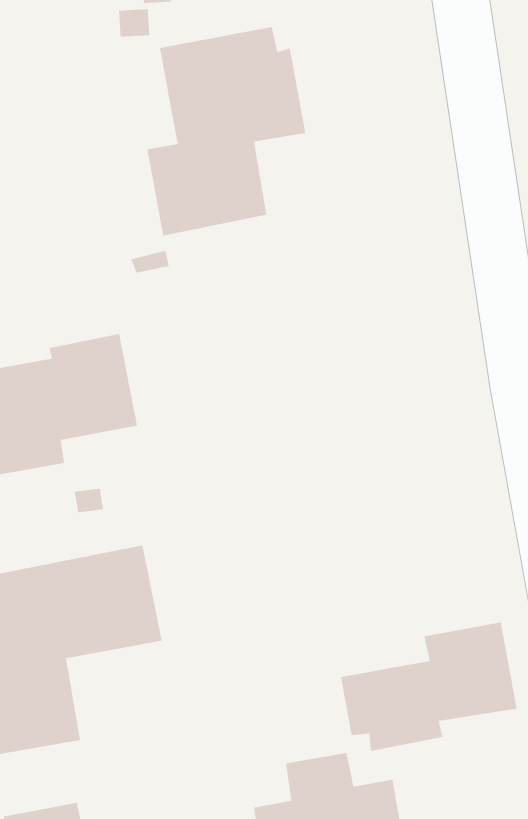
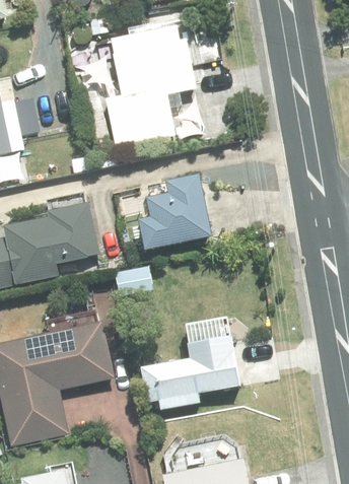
building: none -> [138,174,230,250]
building: [340,622,518,751] -> [140,336,241,410]

